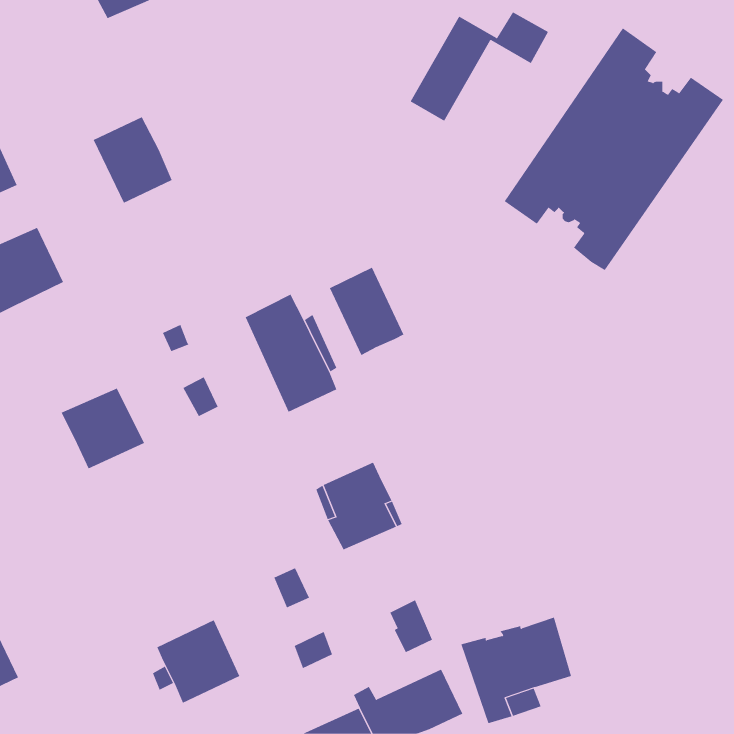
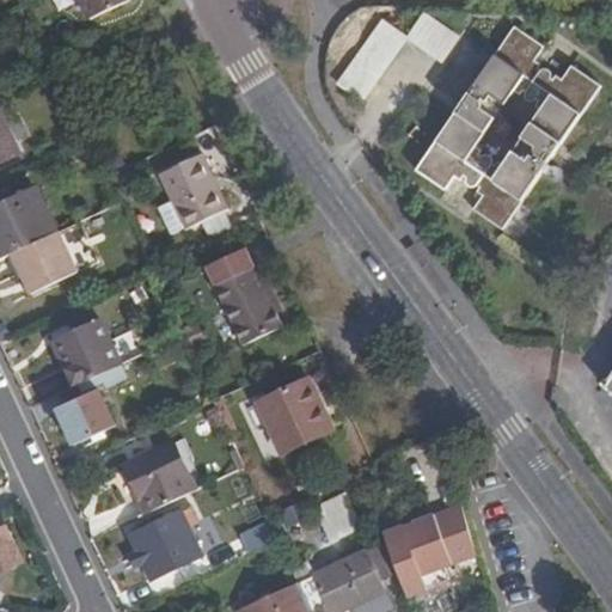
building: [93,117,173,203] -> [159,152,225,224]
building: [329,267,404,356] -> none
building: none -> [11,233,72,295]
building: none -> [56,393,112,443]
building: none -> [126,445,195,513]

